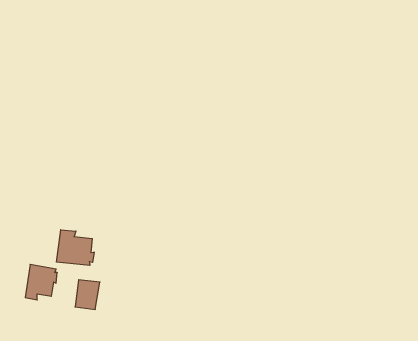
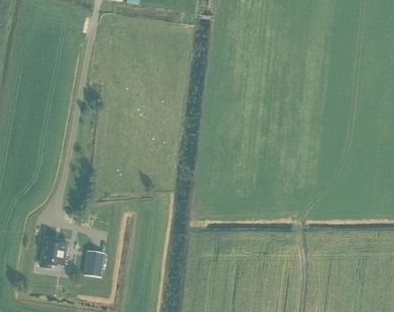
building: [57,230,94,265] -> none

